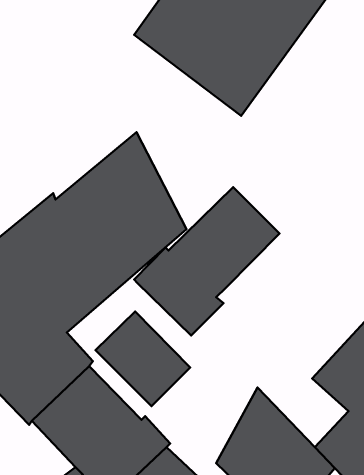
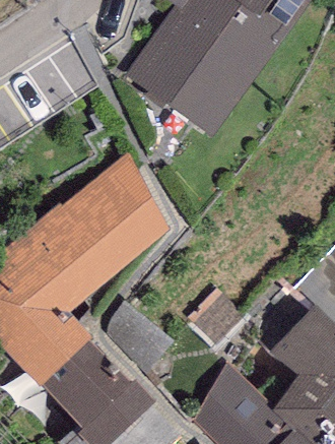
building: [134,187,280,336] -> none

